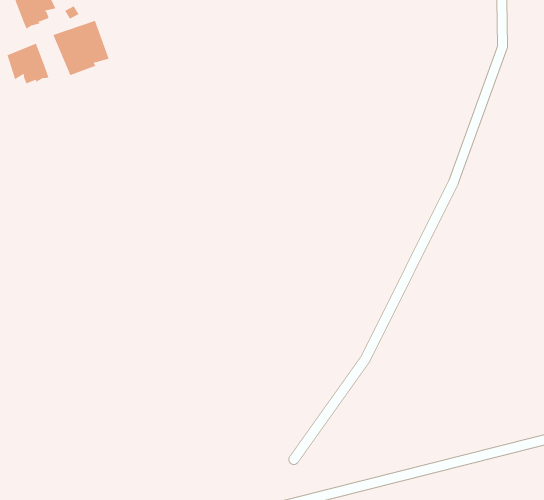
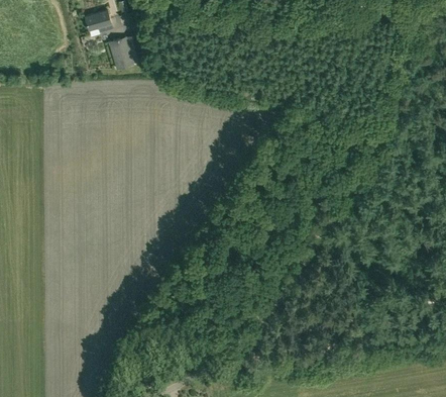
building: [7,43,49,84] -> none

